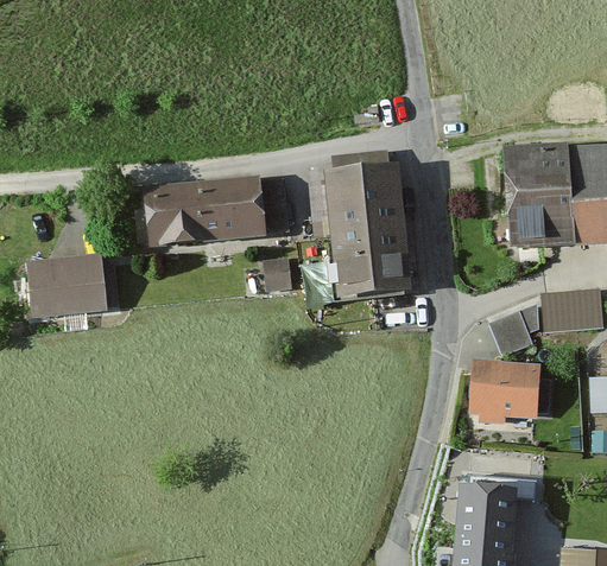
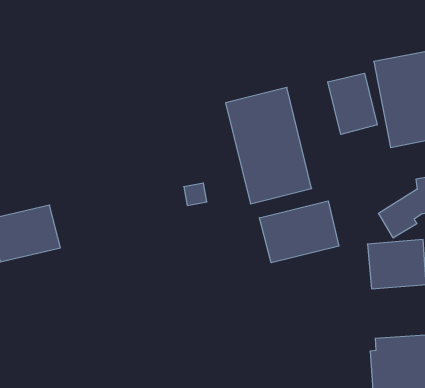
building: none -> [328,73,377,134]
building: [145,177,268,259] -> none
building: none -> [259,201,339,263]

